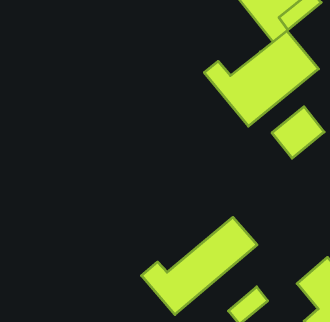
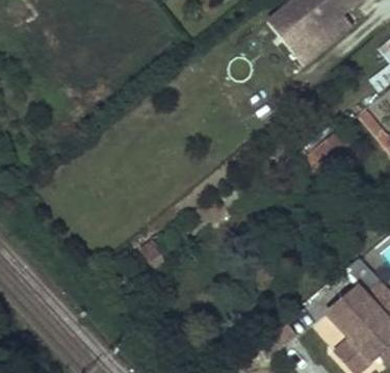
building: [204,31,319,126] -> none
building: [141,217,257,315] -> none

